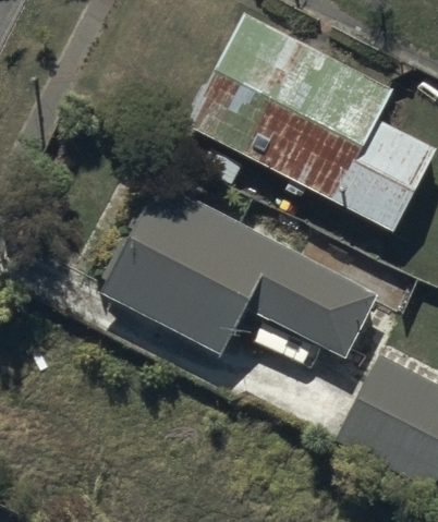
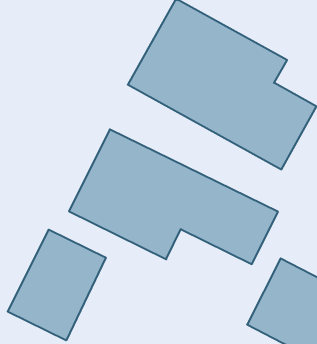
building: none -> [8,230,106,340]

